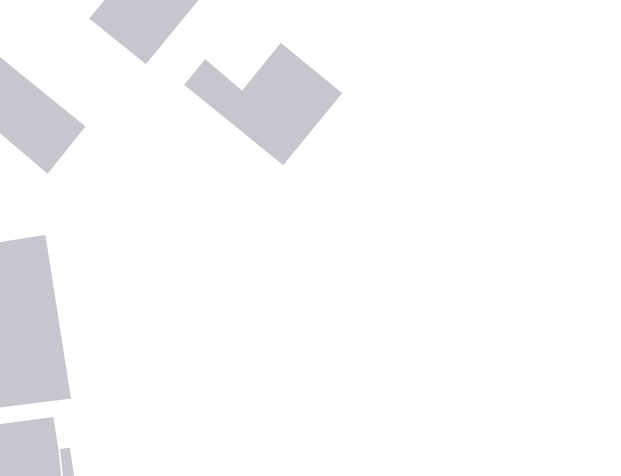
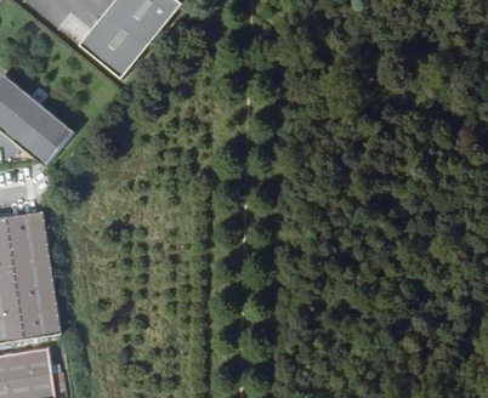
building: [183,42,343,166] -> none

